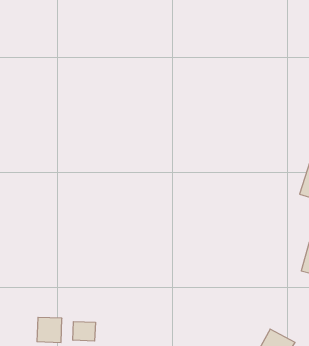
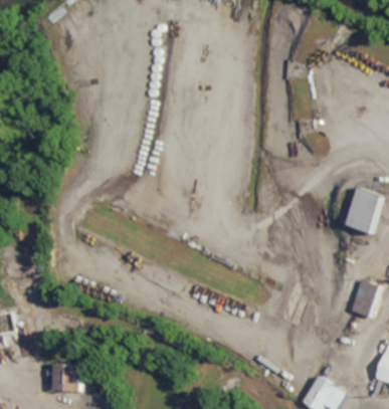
building: [73,322,95,341] -> none

